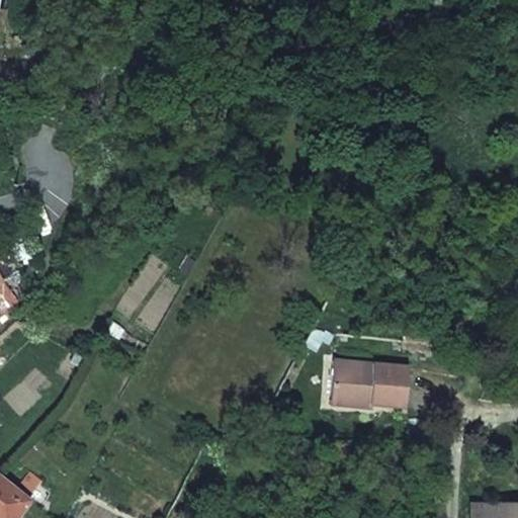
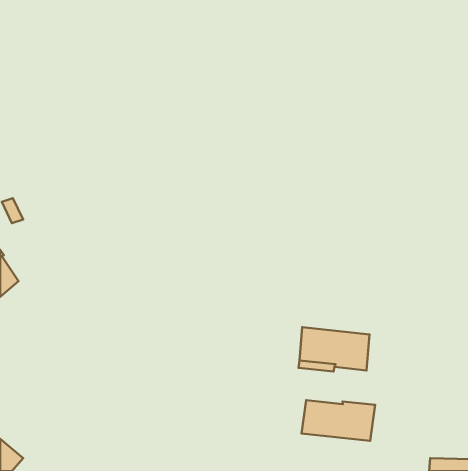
building: none -> [302,400,375,441]

